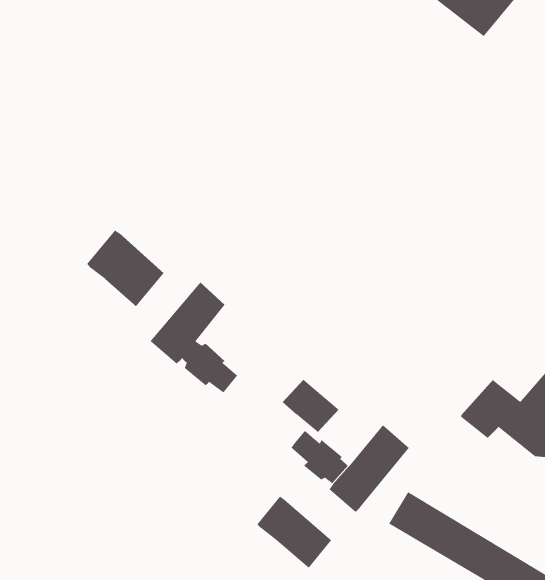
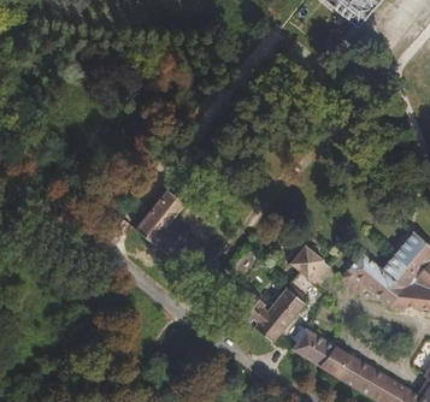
building: [86,230,165,307] -> none
building: [282,379,340,433] -> [290,247,329,283]
building: [256,496,332,569] -> none

